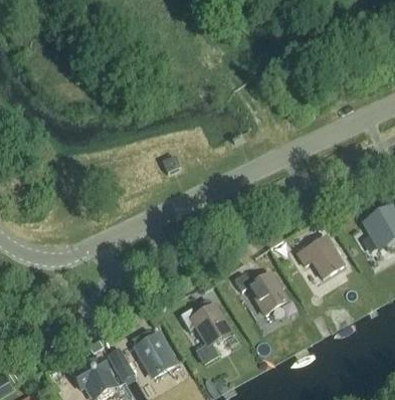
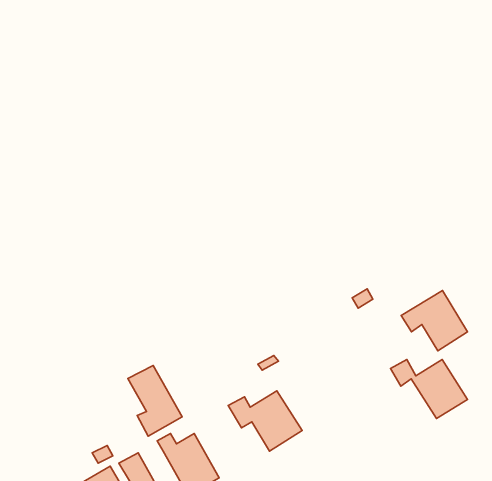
building: [235,274,287,315] -> [391,360,467,419]
building: none -> [128,366,182,436]

